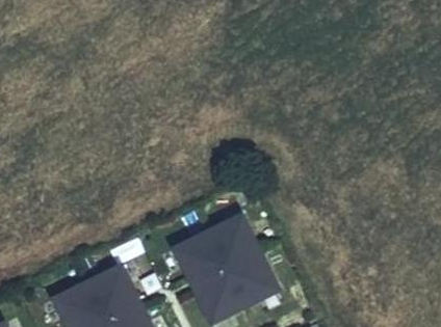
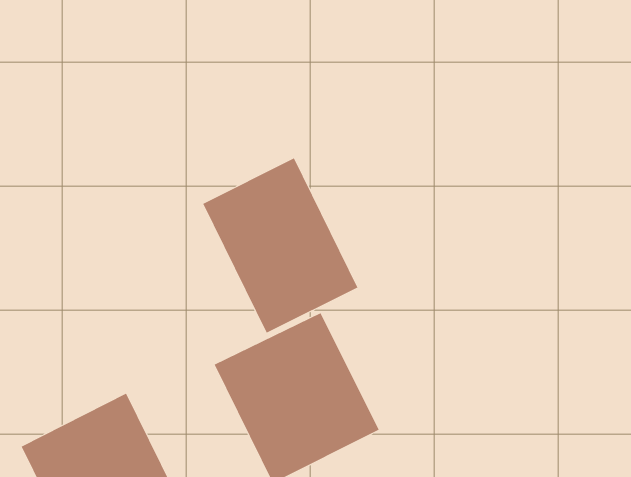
building: none -> [202,157,358,334]

